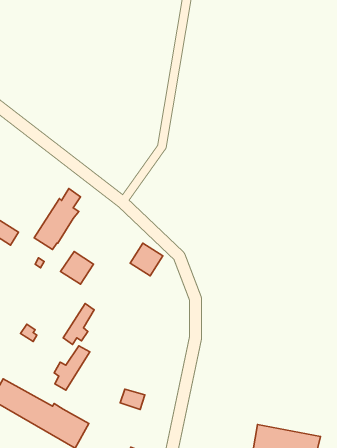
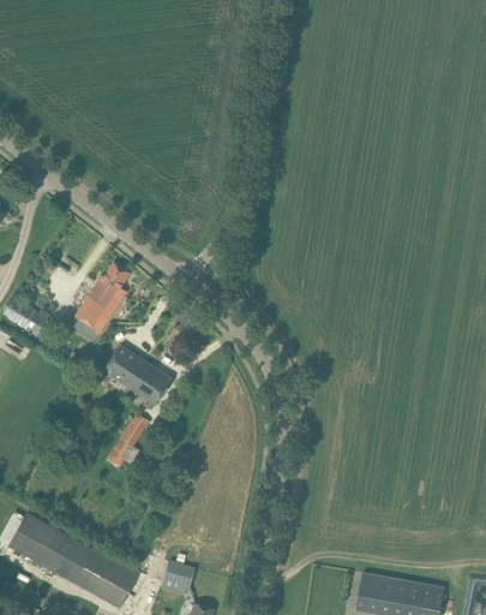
building: [130,243,163,276] -> [128,363,172,406]
building: [54,346,90,390] -> none
building: [120,389,145,409] -> [163,562,196,589]

